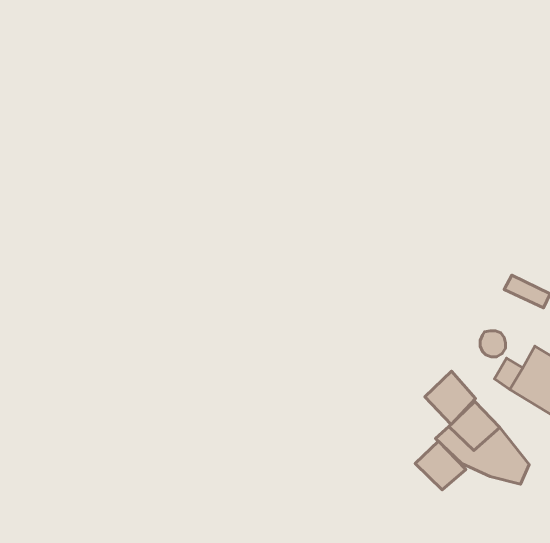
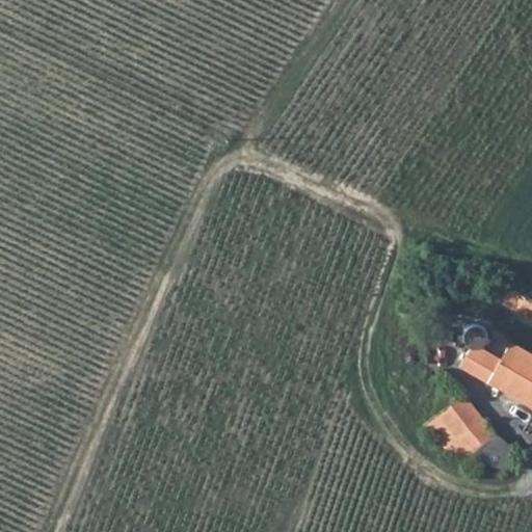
building: [425,371,476,424] -> none
building: [415,441,466,490] -> none

